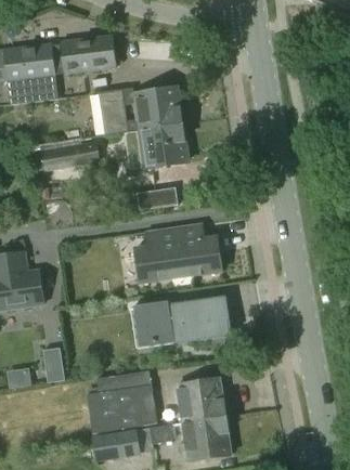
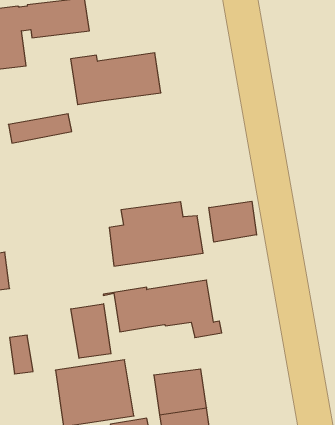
building: [127,123,187,168] -> none
building: [135,187,177,211] -> none
building: none -> [209,201,257,242]
building: none -> [71,304,111,358]

